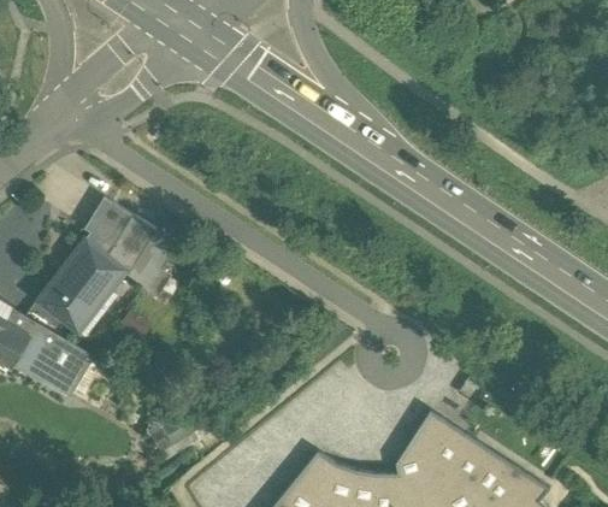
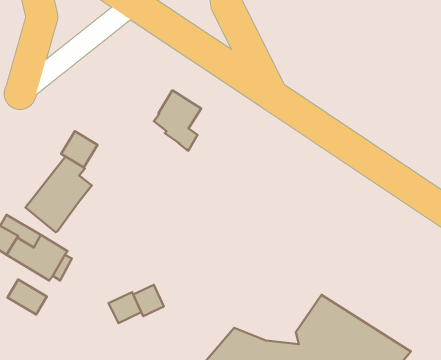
building: [108,216,171,295] -> [154,90,201,150]
building: none -> [8,280,47,315]
building: none -> [133,285,164,316]

